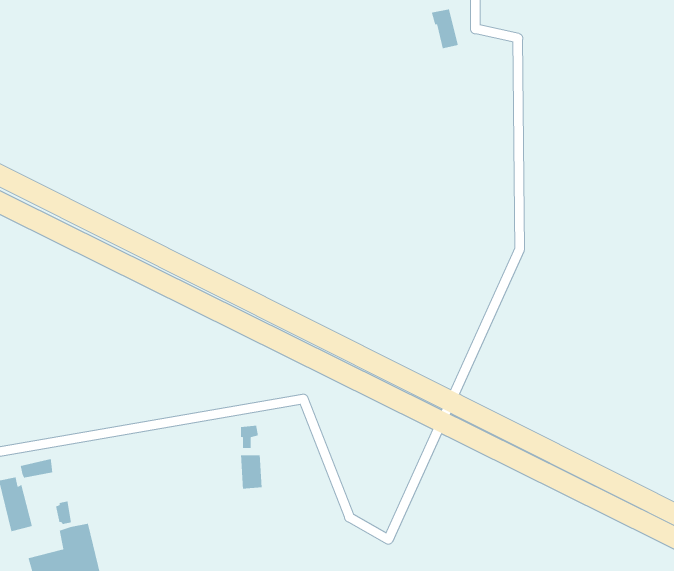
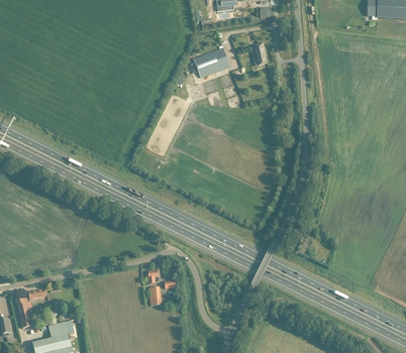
building: none -> [194,47,230,78]

